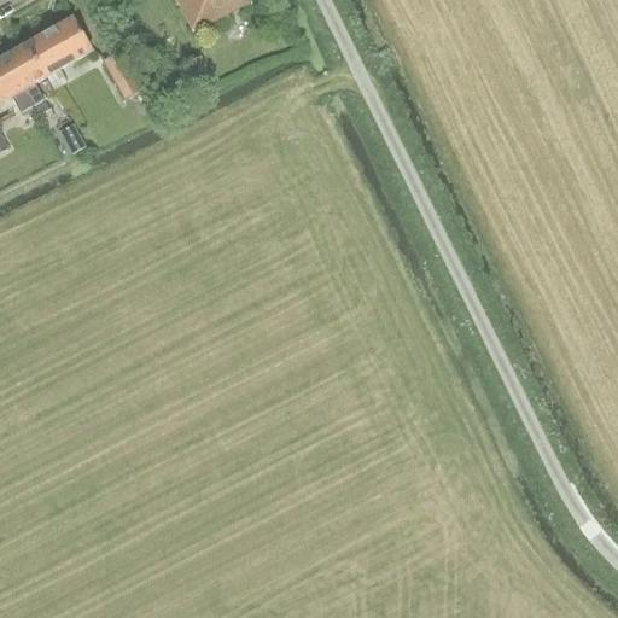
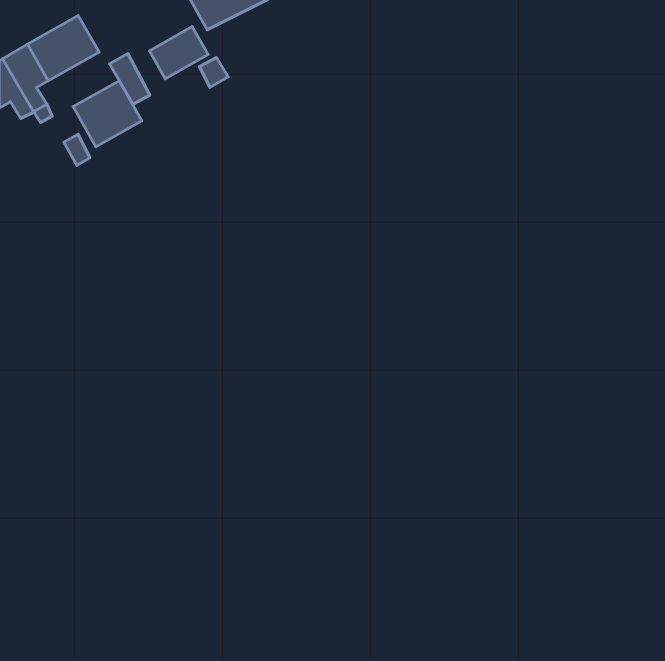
building: none -> [149,26,208,79]
building: none -> [73,81,142,147]

